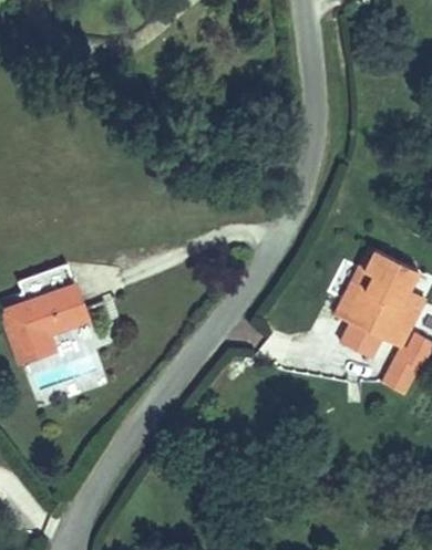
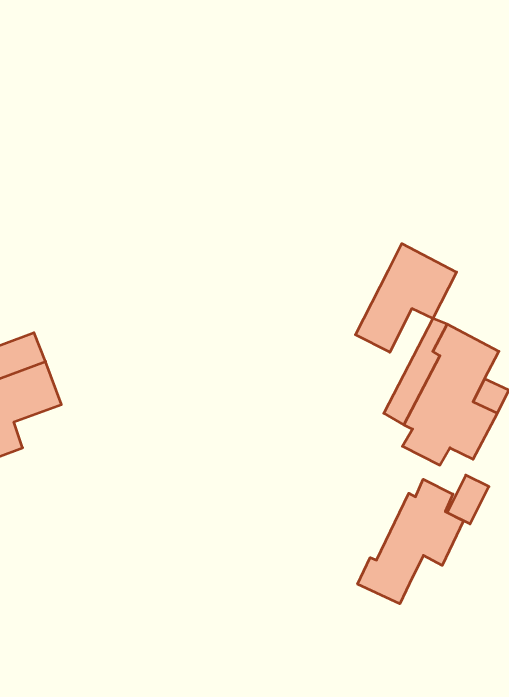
building: none -> [355,244,457,352]
building: none -> [358,479,464,604]

